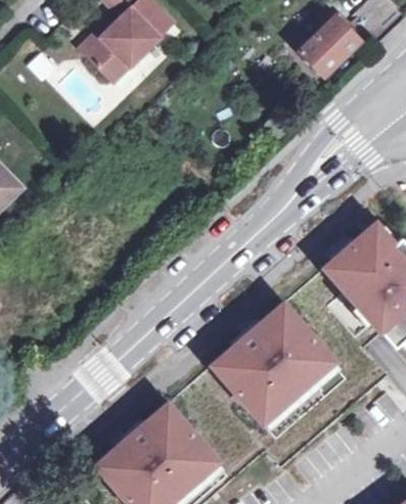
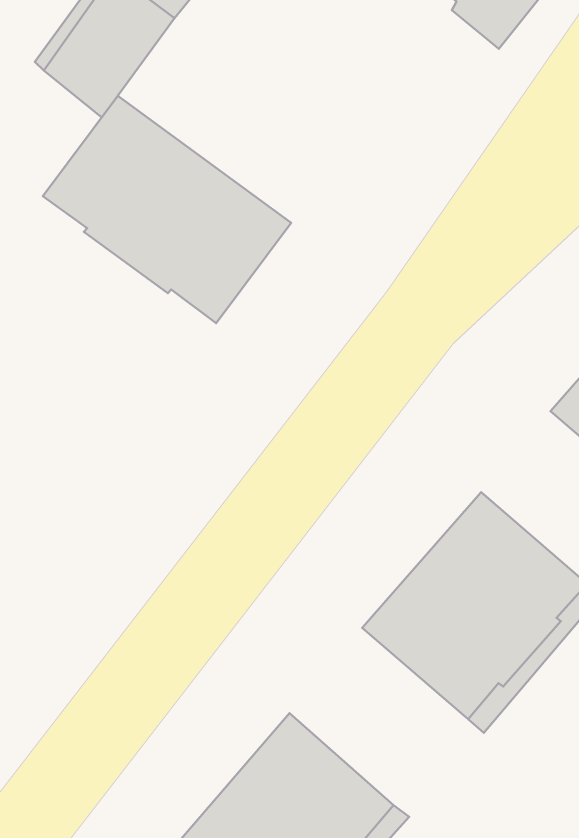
building: none -> [43,96,291,323]

